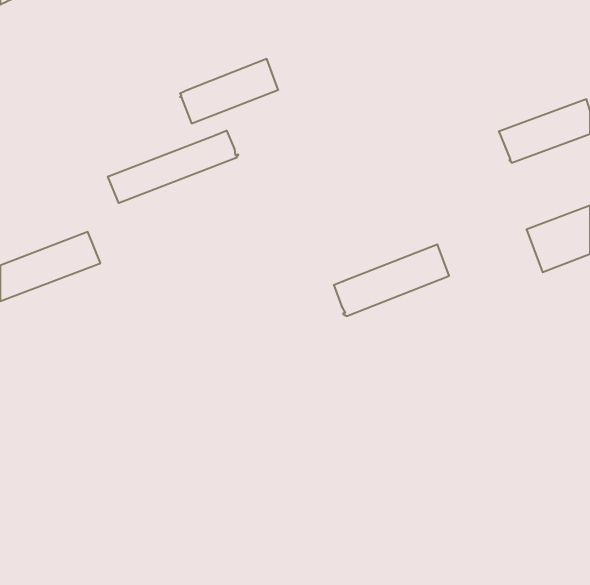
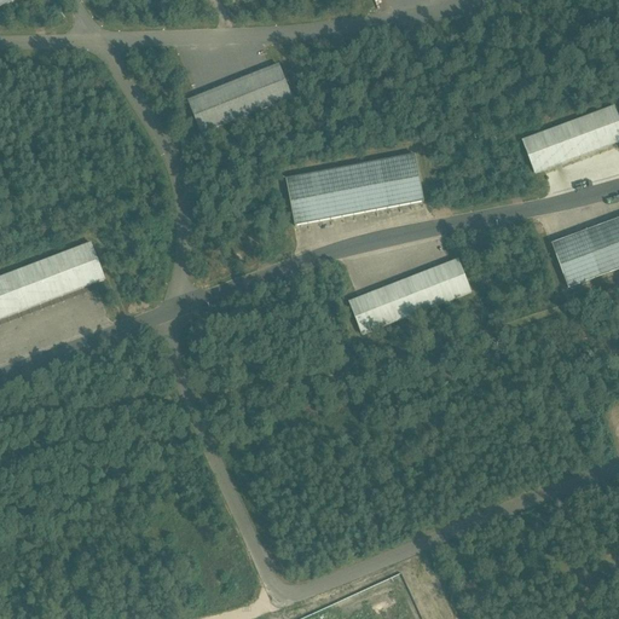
building: [108,131,238,203] -> none
building: none -> [287,151,424,222]

